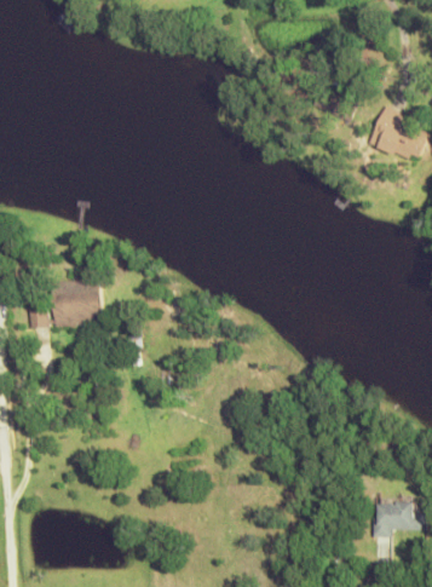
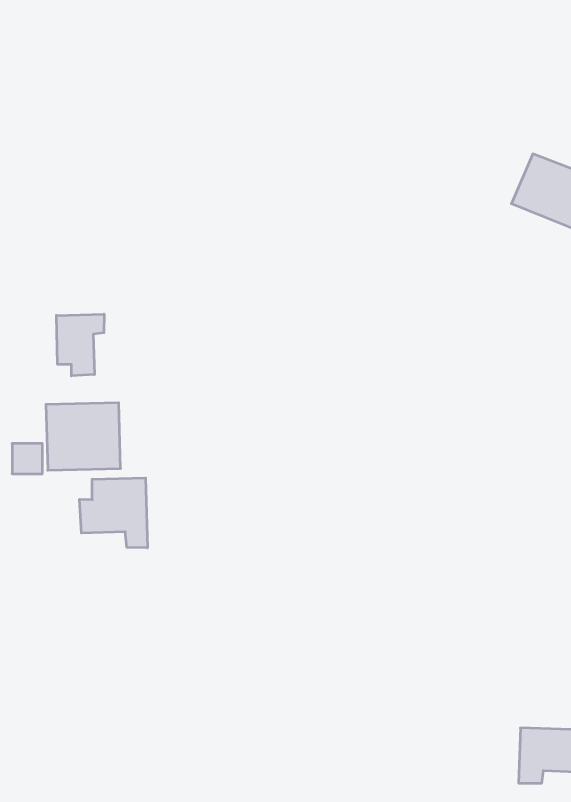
building: none -> [56,314,104,376]
building: none -> [80,478,147,548]

